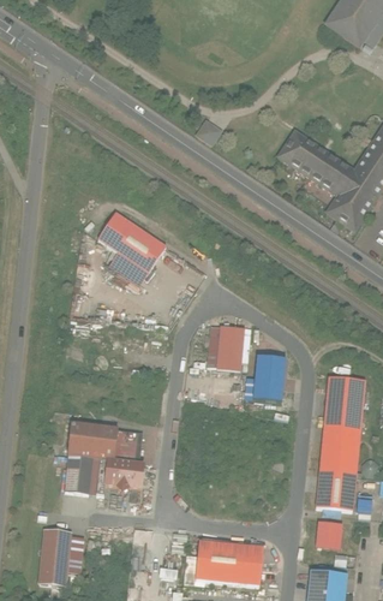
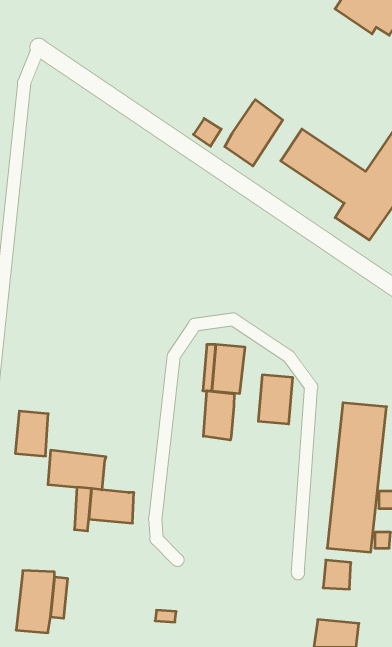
building: none -> [225,100,283,166]
building: [94,214,163,288] -> none
building: none -> [203,391,234,440]
building: [114,430,142,459] -> none
building: [61,452,91,493] -> [15,411,48,456]
building: [198,542,267,584] -> none

